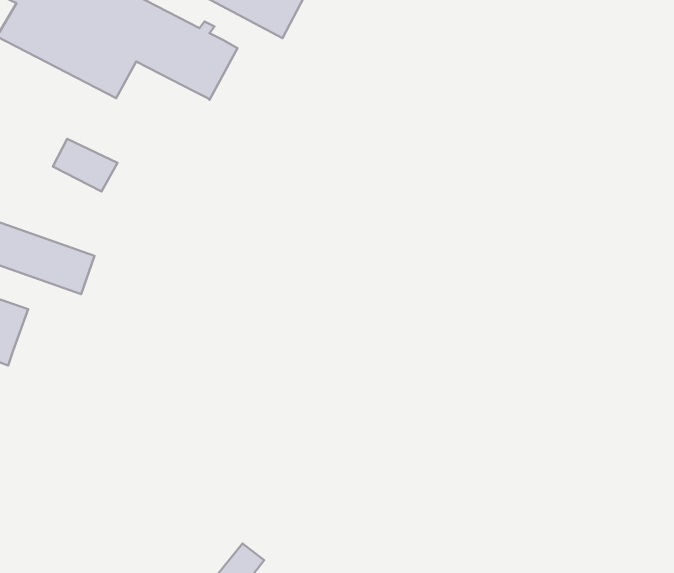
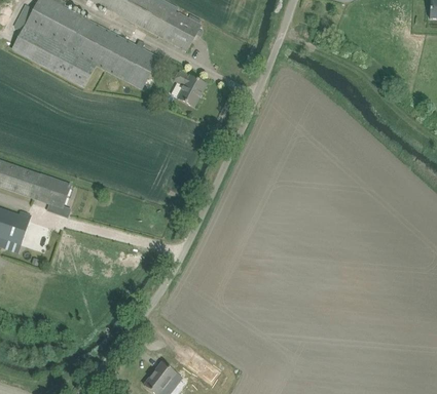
building: none -> [175,71,206,107]
building: [53,139,117,191] -> none

